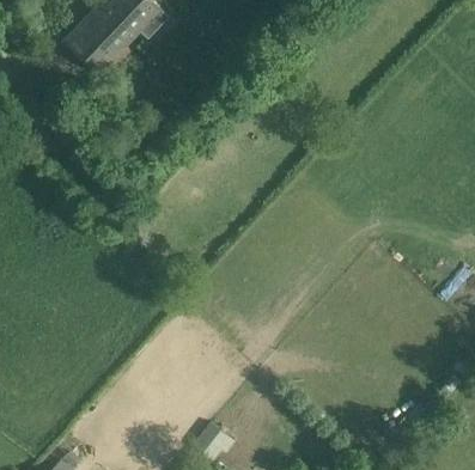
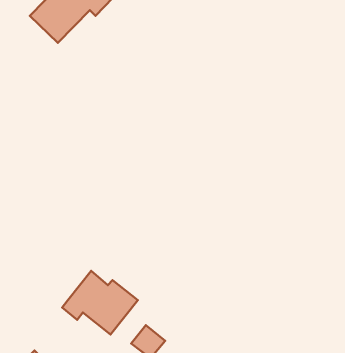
building: none -> [62,271,138,334]

